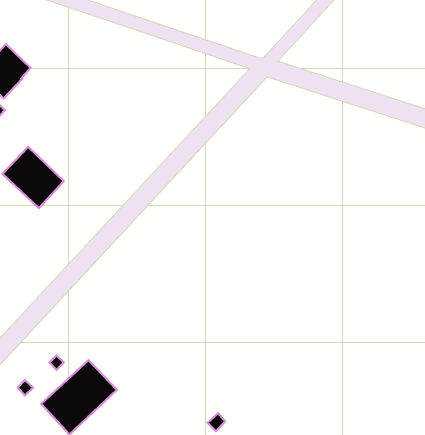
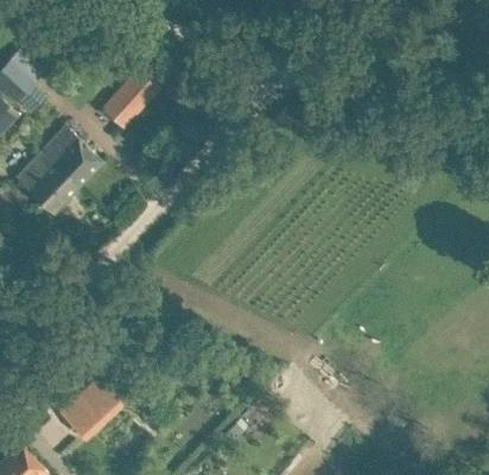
building: none -> [100,69,159,131]
building: none -> [40,128,100,188]

